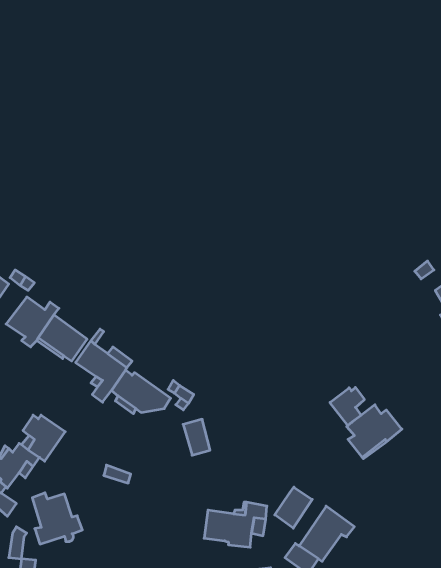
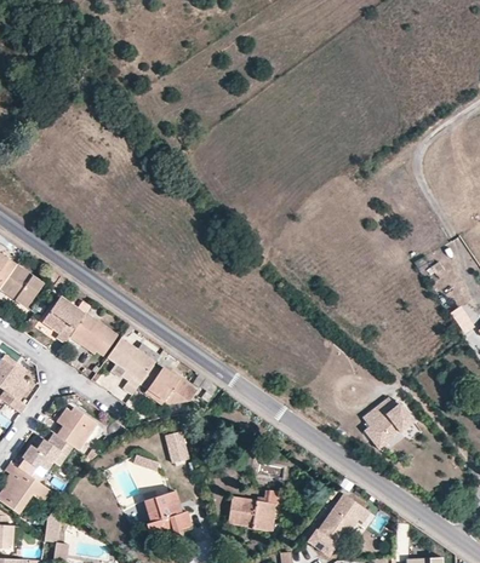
building: [330,387,364,426] -> none
building: [183,419,210,455] -> [165,431,190,465]
building: [275,487,312,528] -> none
building: [32,493,82,544] -> [143,489,190,538]

